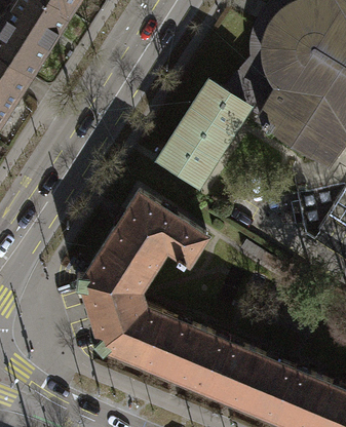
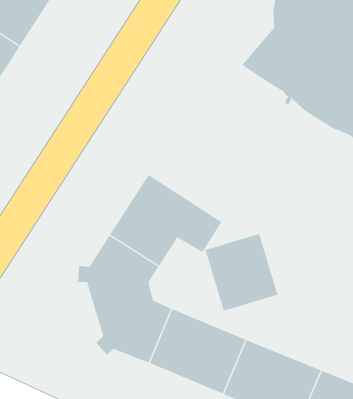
building: [162,86,247,185] -> none
building: none -> [205,233,278,312]

